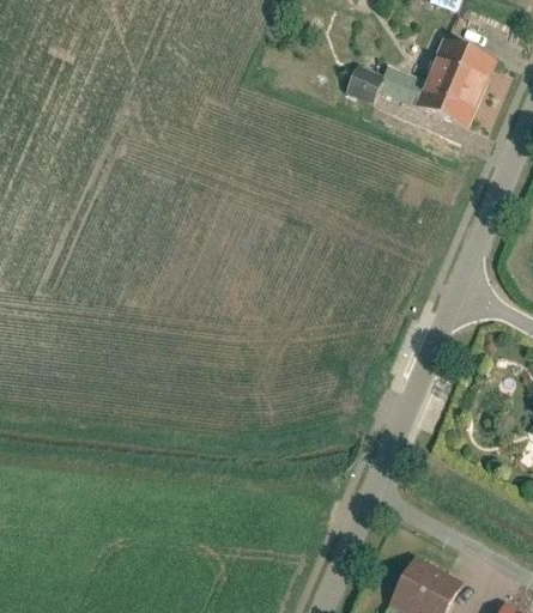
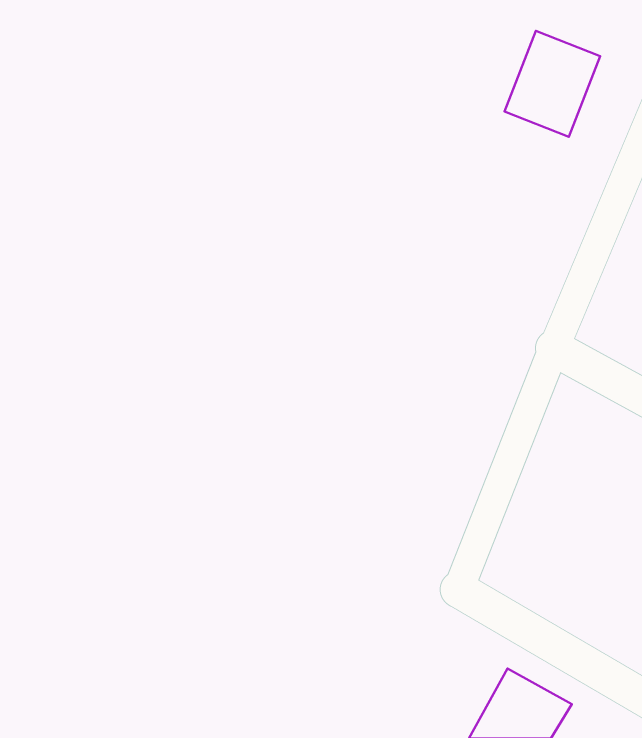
building: [347,65,424,107] -> none

